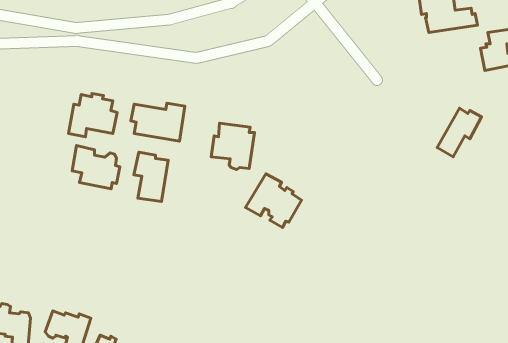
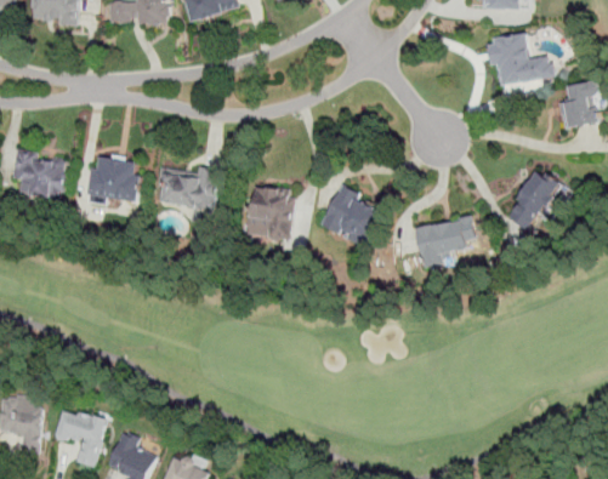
building: [72,146,120,189] -> [12,148,67,198]
building: none -> [414,216,476,267]
building: [134,152,168,202] -> none
building: [246,174,302,228] -> [323,187,387,249]

